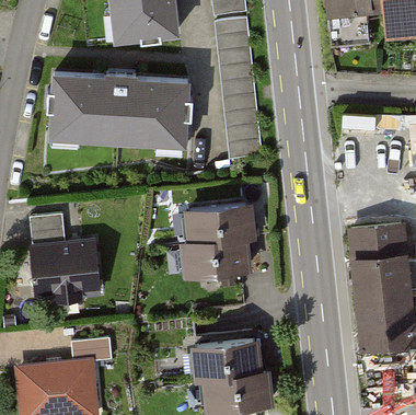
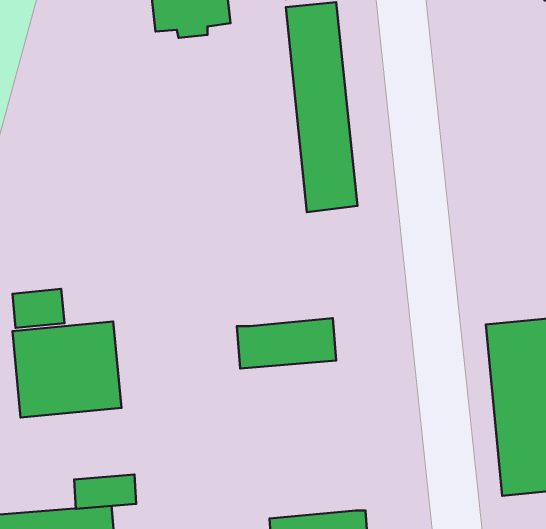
building: [46,80,193,149] -> none
building: [186,200,256,242] -> none
building: [190,337,261,371] -> none

